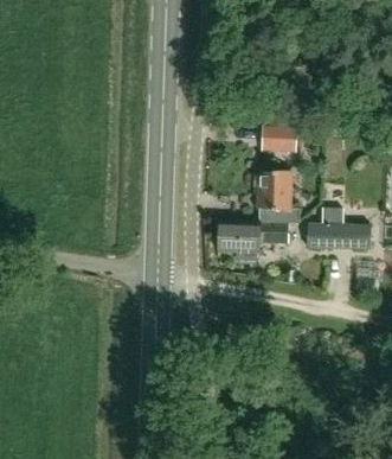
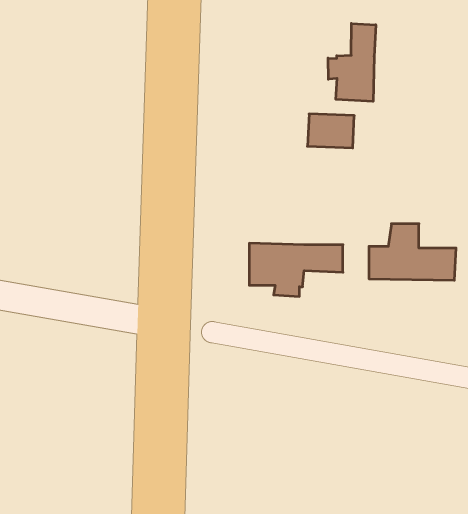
building: none -> [328,23,376,101]
building: [257,171,298,223] -> none

